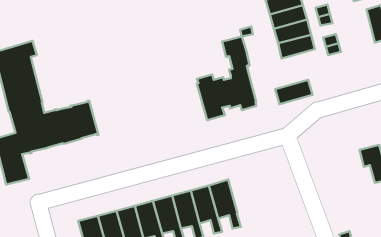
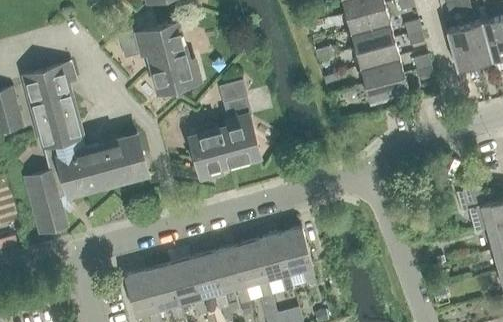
building: none -> [118,22,200,92]
building: none -> [446,26,474,70]
building: [197,37,256,120] -> [189,80,259,179]
building: [275,80,313,104] -> [364,73,408,102]

